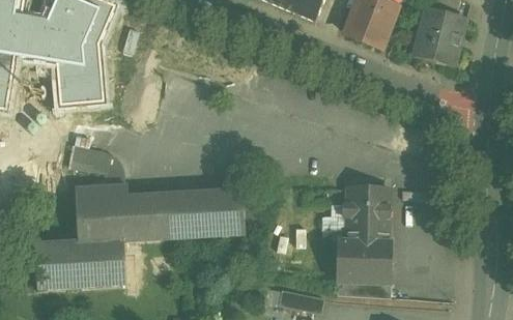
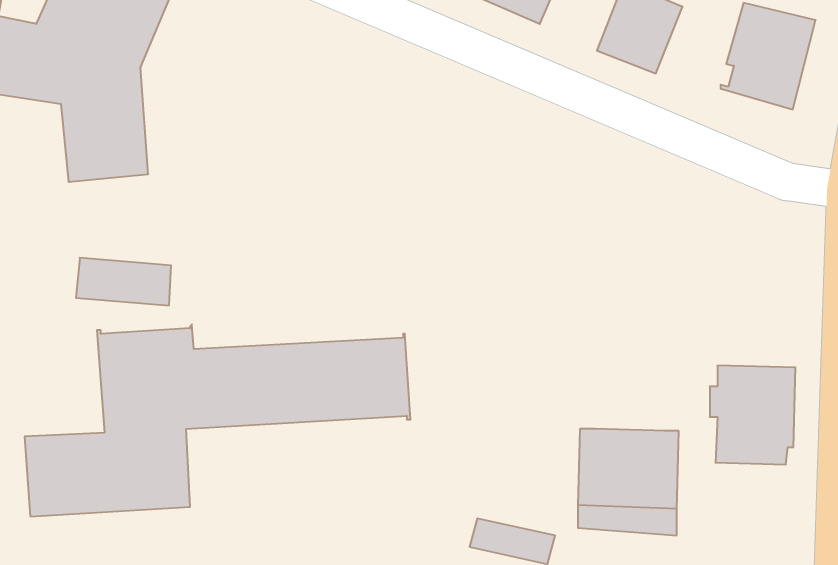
building: [343,186,390,240] -> [710,366,795,464]

